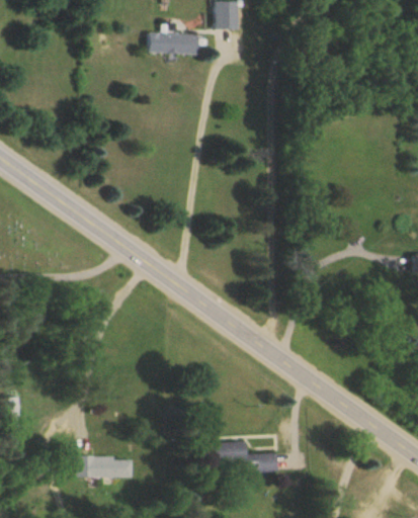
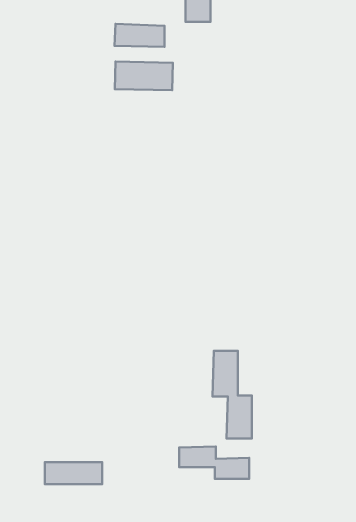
building: none -> [115,62,173,90]
building: none -> [212,351,252,438]

